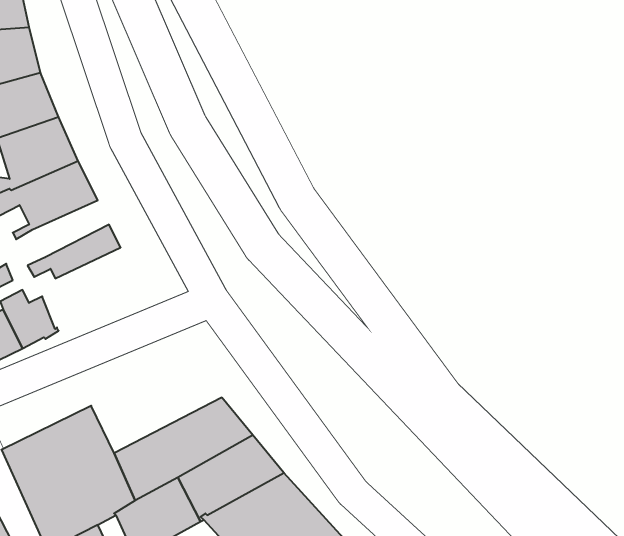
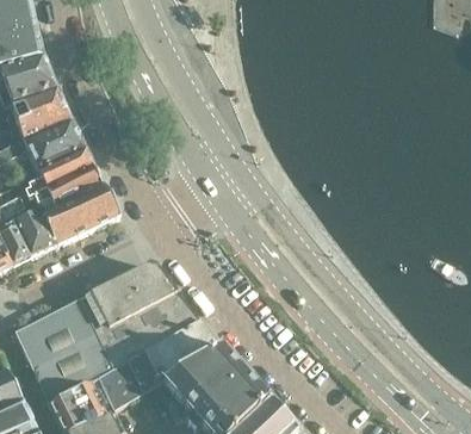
building: none -> [24,148,93,199]
building: none -> [42,182,120,243]
building: none -> [80,262,175,333]

